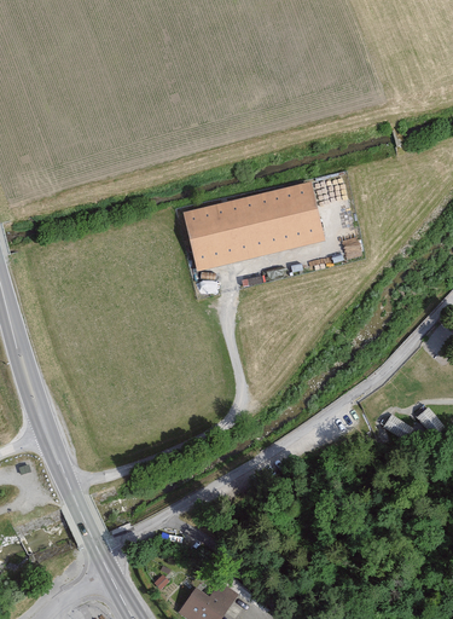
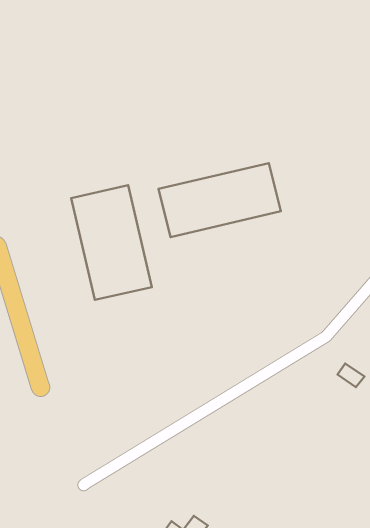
building: none -> [71,185,152,300]

